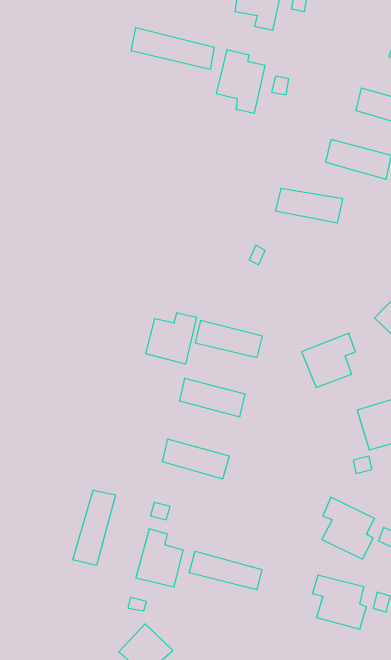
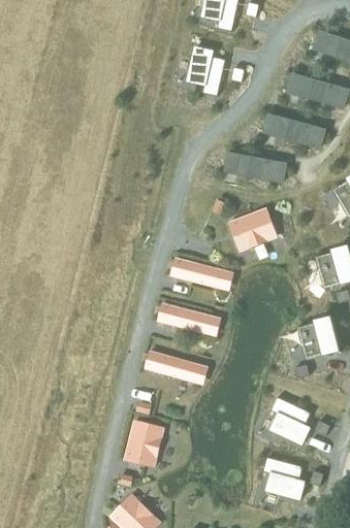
building: [131,27,214,69] -> none
building: [146,313,196,364] -> none
building: [302,333,356,387] -> [228,208,271,251]
building: [73,490,116,565] -> none
building: [189,551,262,590] -> none

